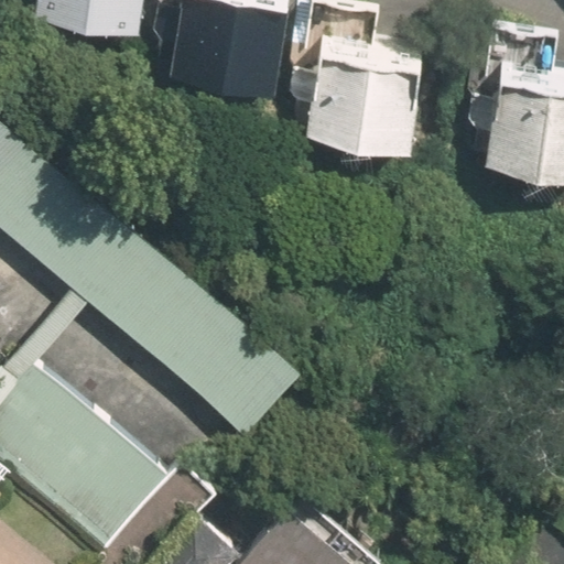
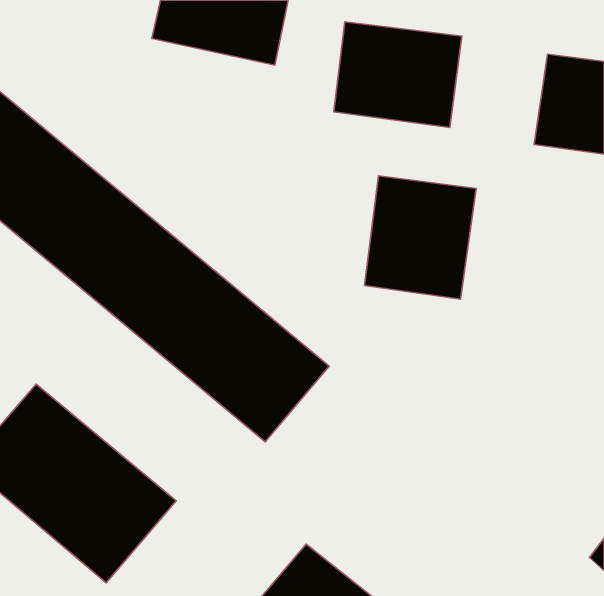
building: none -> [364,176,476,299]

